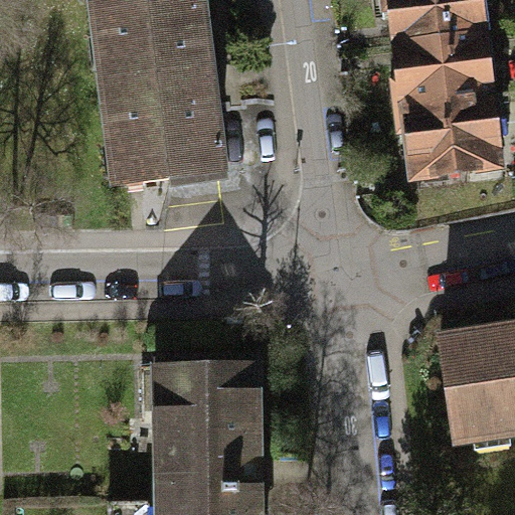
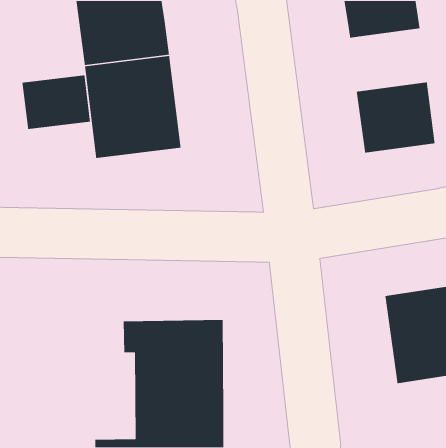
building: [403,33,493,105] -> none
building: none -> [21,74,91,130]

